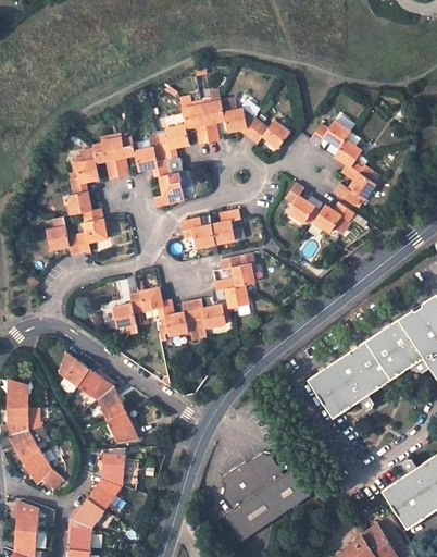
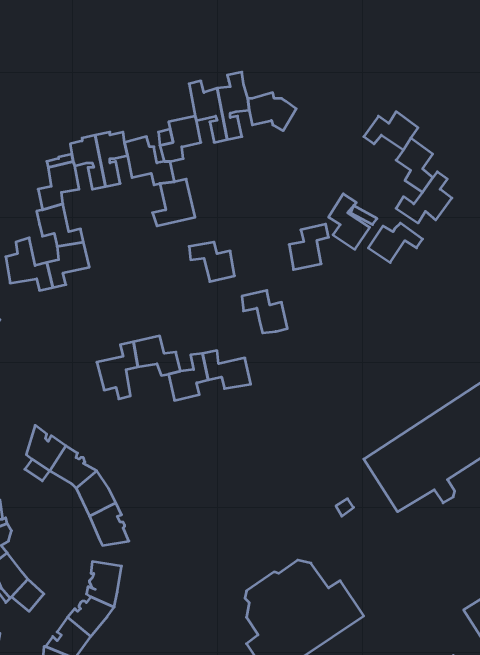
building: [249,116,290,144] -> none
building: [210,209,239,243] -> [289,224,329,270]
building: [213,276,248,308] -> none

